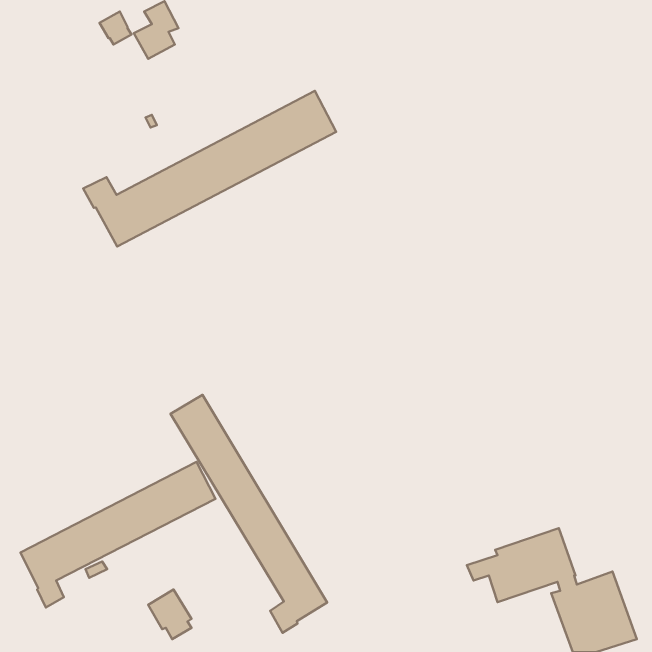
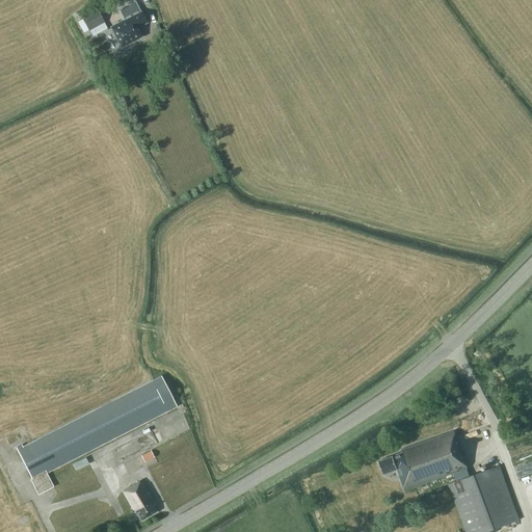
building: [83,91,336,247] -> none
building: [171,395,327,633] -> none

